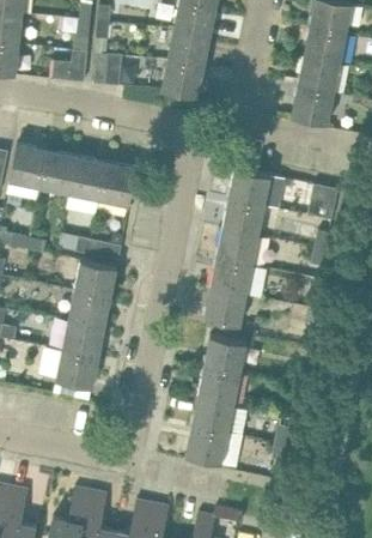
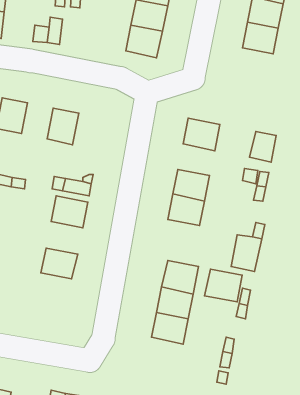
building: [93,53,122,86] -> none
building: [291,86,334,125] -> none
building: [39,151,77,193] -> none
building: [99,163,136,206] -> none
building: [222,199,279,238] -> none
building: [203,288,248,326] -> [204,269,242,302]
building: [68,290,111,328] -> none
building: [56,350,98,388] -> none
building: [185,425,228,464] -> none

